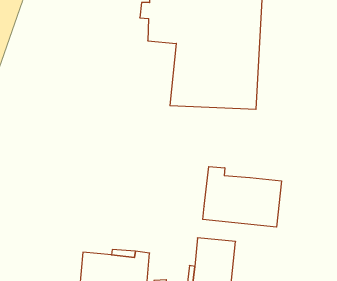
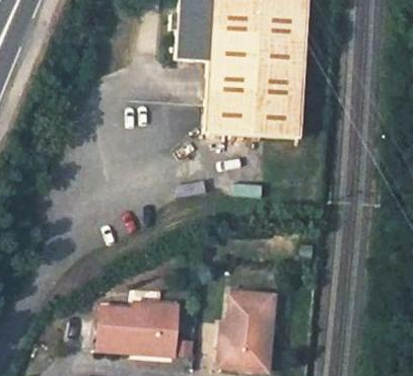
building: [203,167,281,227] -> none

